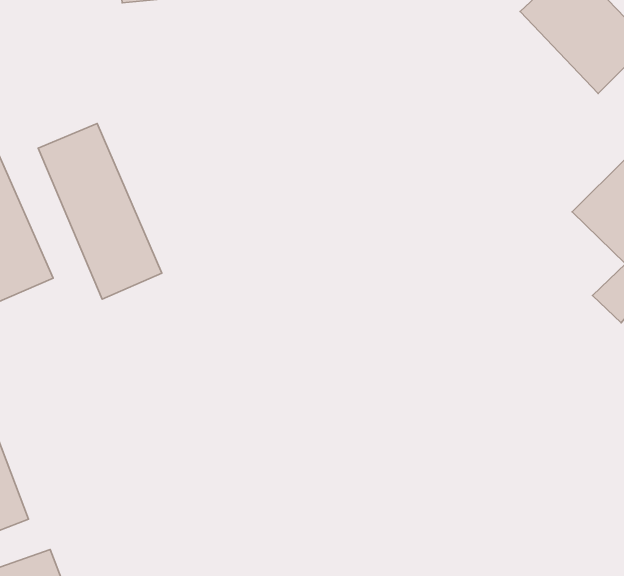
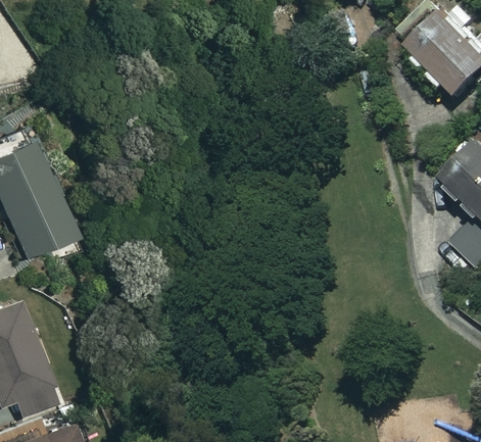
building: [38,124,162,299] -> none

